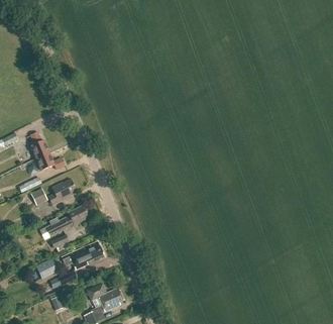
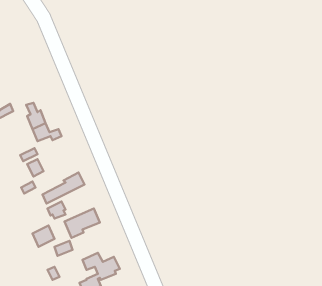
building: [48,181,76,204] -> none

